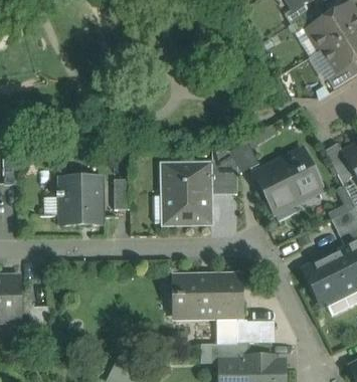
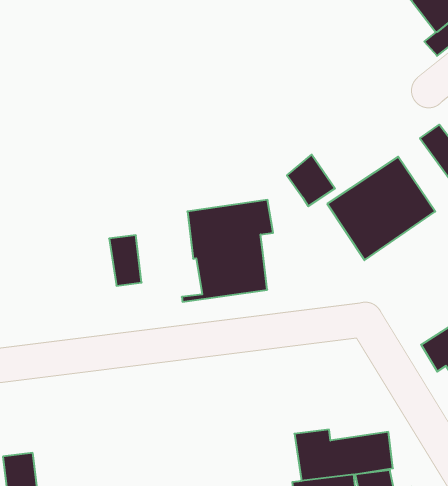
building: [208,151,237,194] -> none
building: [55,178,99,221] -> none
building: [176,278,236,314] -> none

